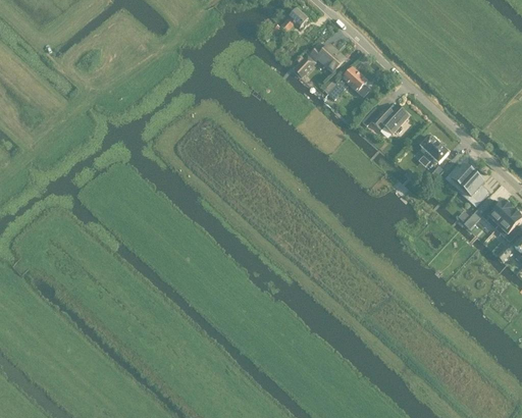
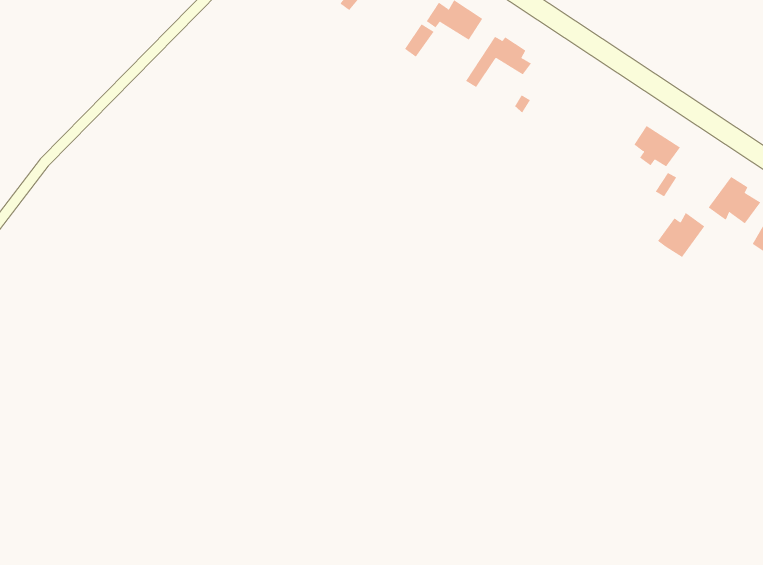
building: [361,104,408,134] -> none
building: [445,163,474,190] -> [657,212,705,258]

